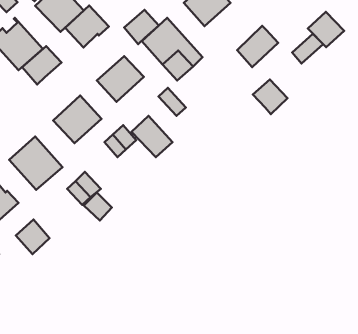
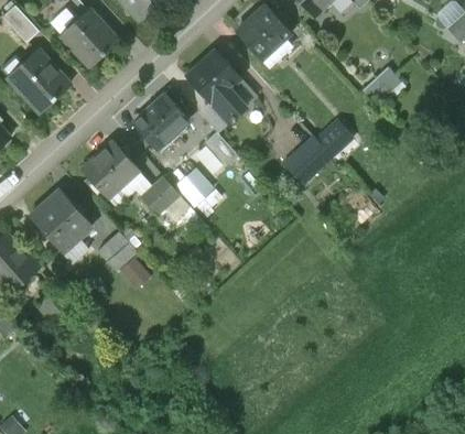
building: [65,6,109,48] -> none
building: [124,10,159,44] -> none
building: [308,12,344,47] -> none
building: [237,26,278,67] -> [282,135,331,184]
building: [22,46,61,85] -> none

